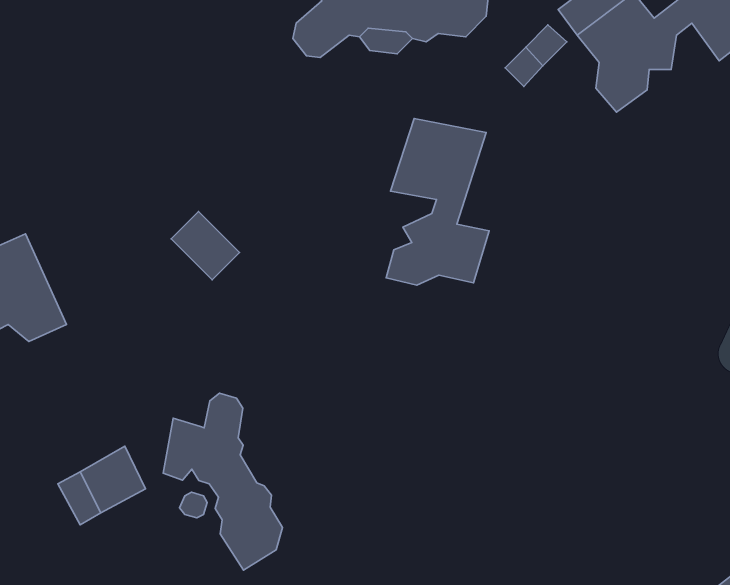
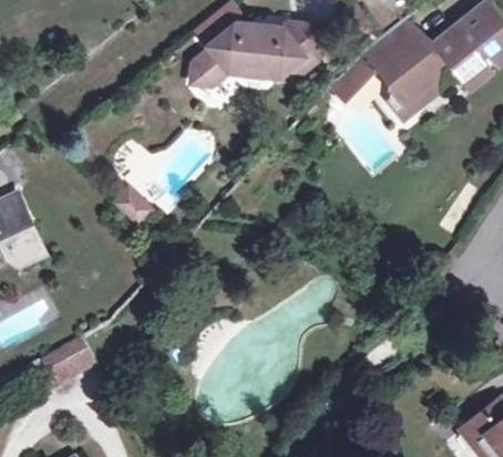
building: [386,118,489,285] -> none
building: [163,393,283,570] -> none

